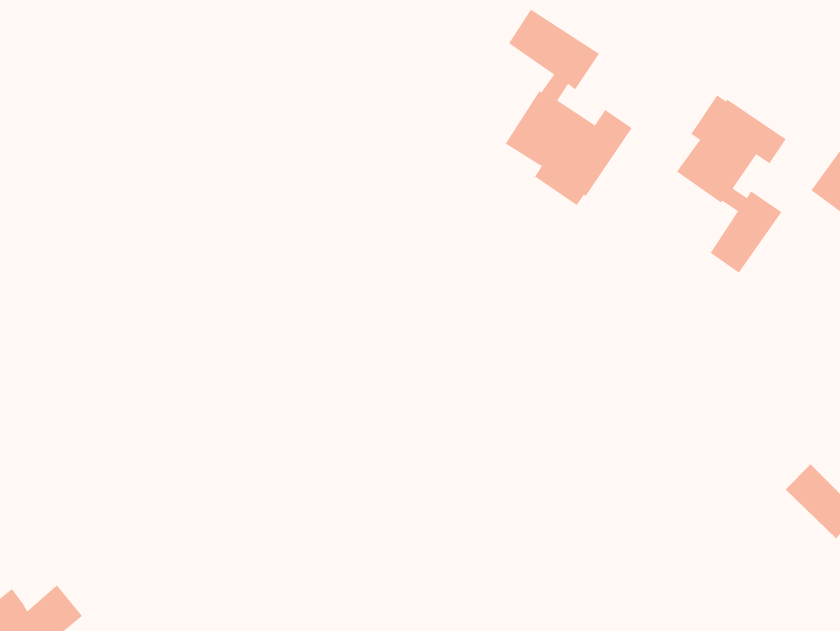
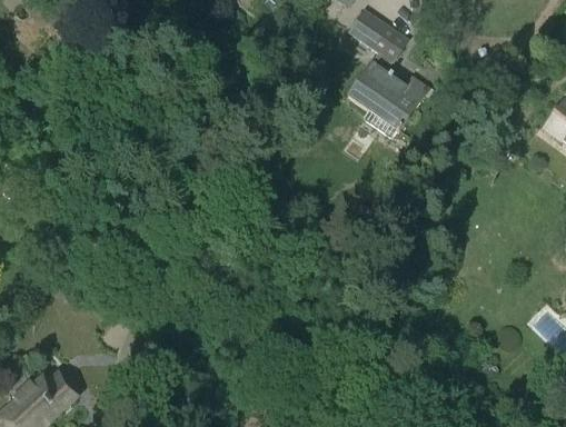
building: [676,94,786,274] -> none

